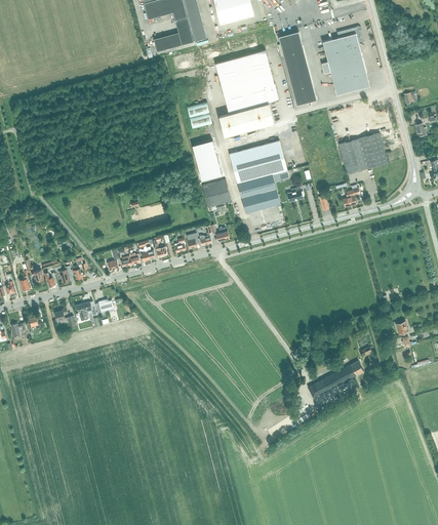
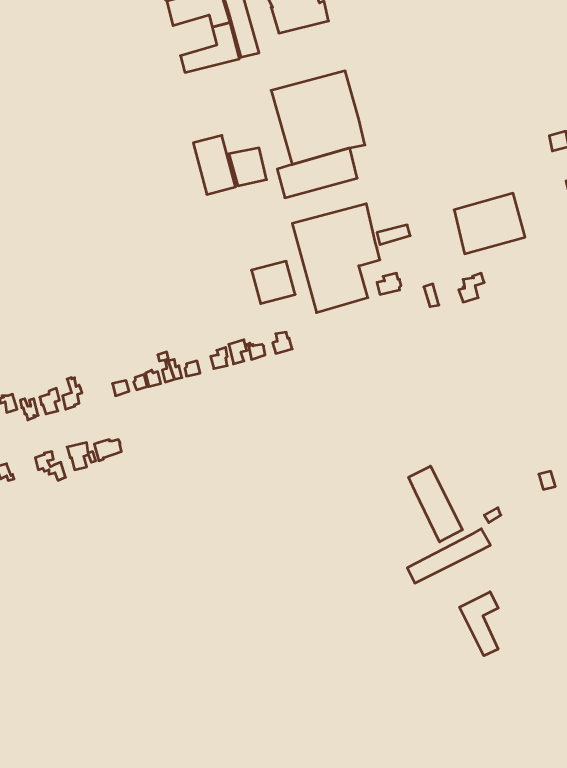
building: [322,27,369,95] -> none
building: [278,32,316,106] -> none
building: [192,140,221,180] -> [193,135,236,194]
building: none -> [409,466,462,542]
building: none -> [460,592,498,656]

